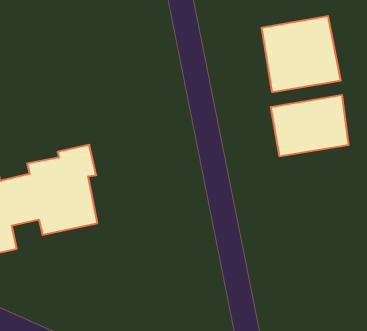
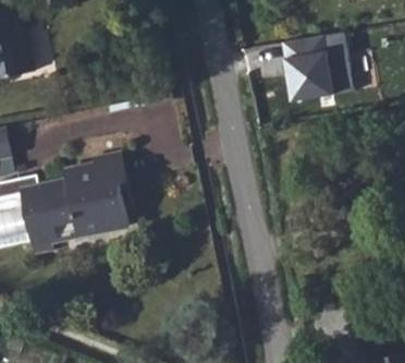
building: [271,95,348,156] -> none

